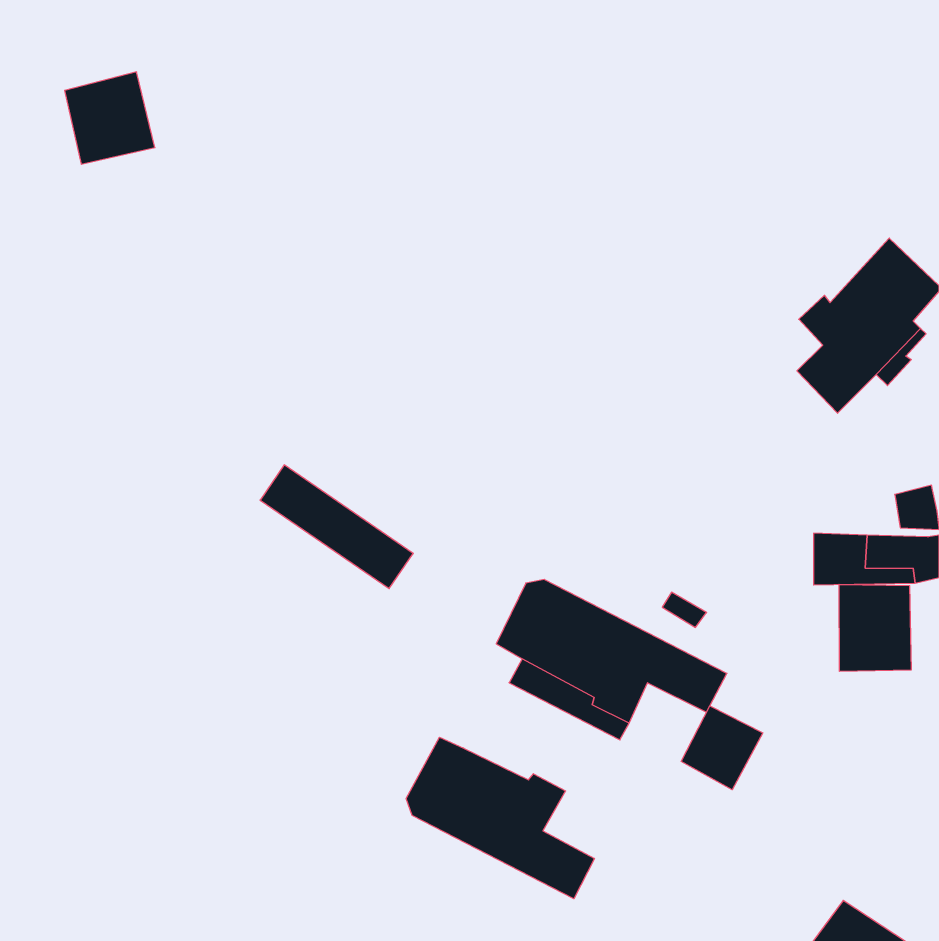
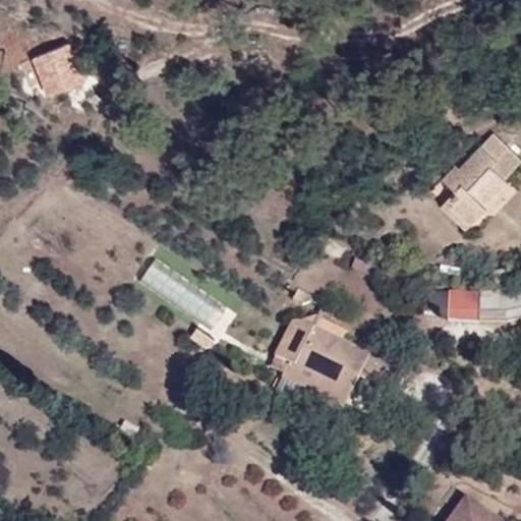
building: [839,584,911,671] -> none
building: [681,706,763,790] -> none
building: [406,737,594,899] -> none

